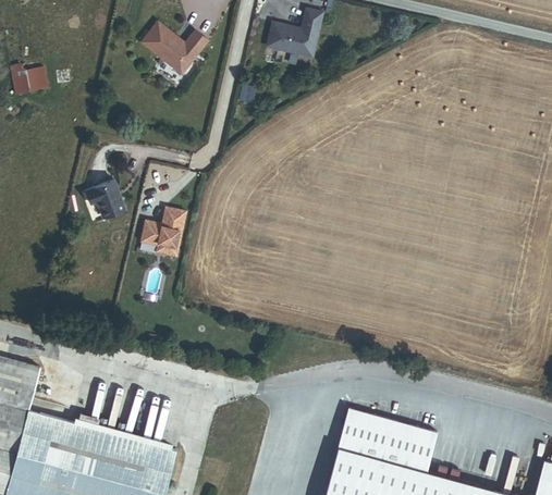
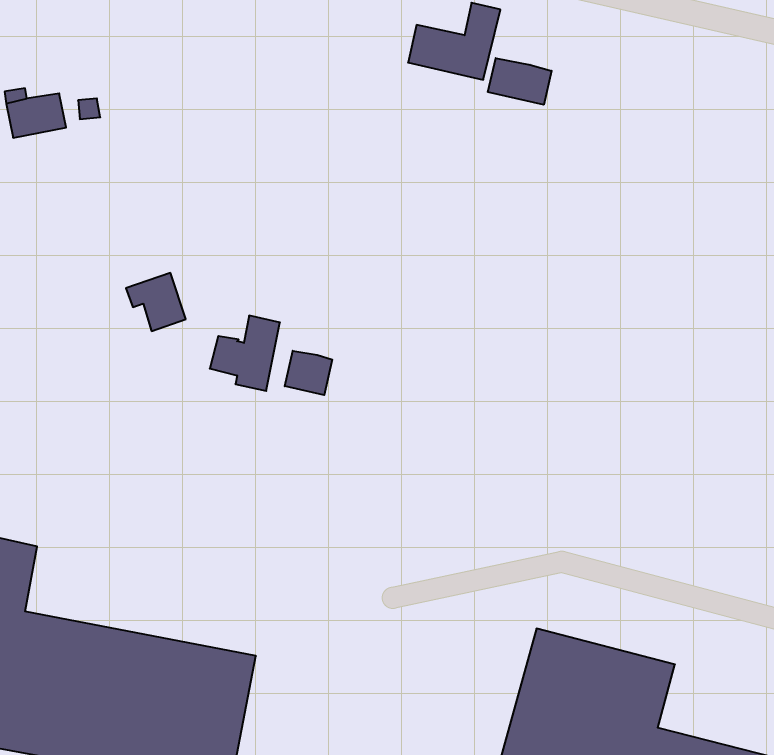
building: [142,23,209,77] -> none
building: none -> [488,58,552,105]
building: none -> [285,351,332,395]

